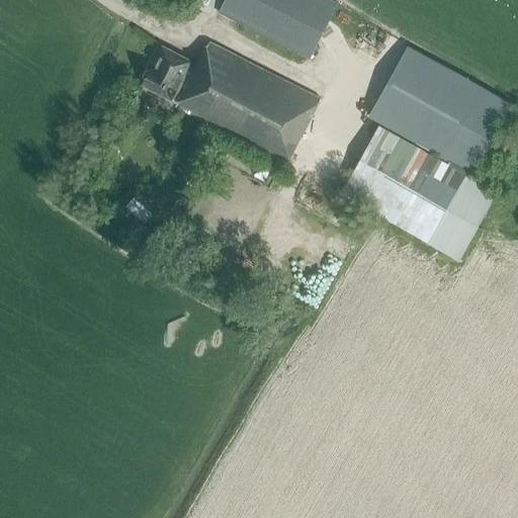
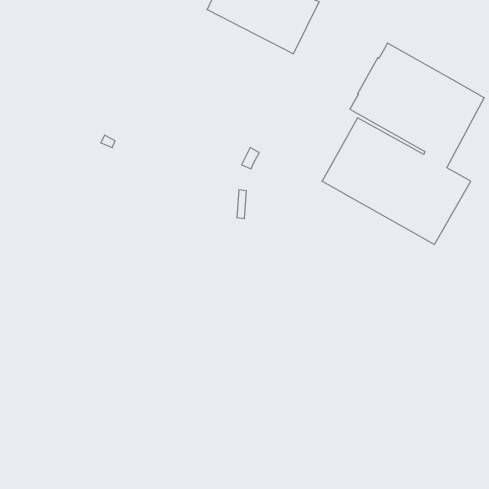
building: [145,41,321,163] -> none

